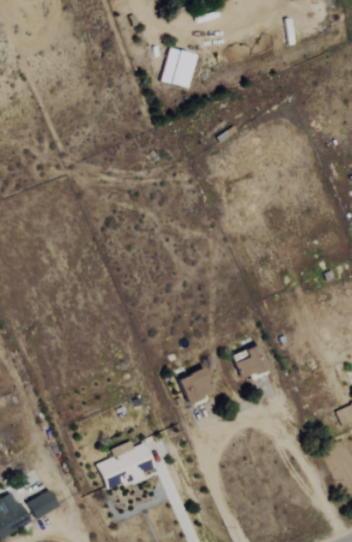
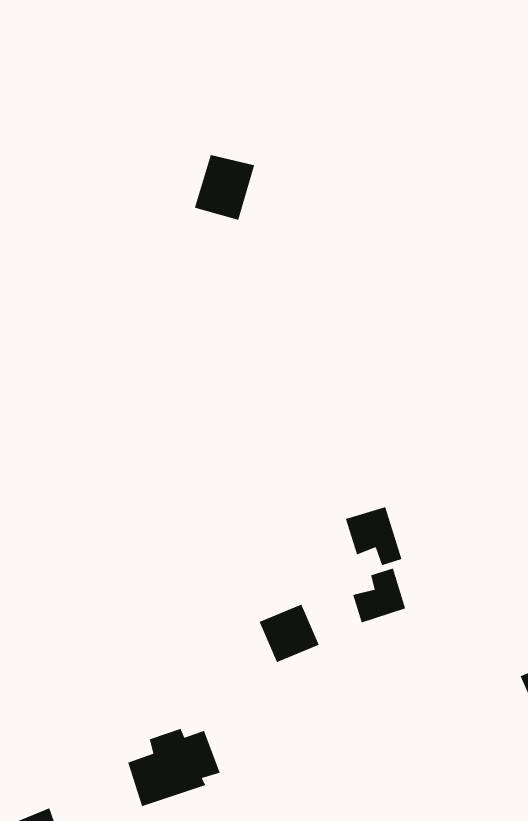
building: [162,48,199,89] -> [194,154,255,221]
building: none -> [345,506,403,566]

